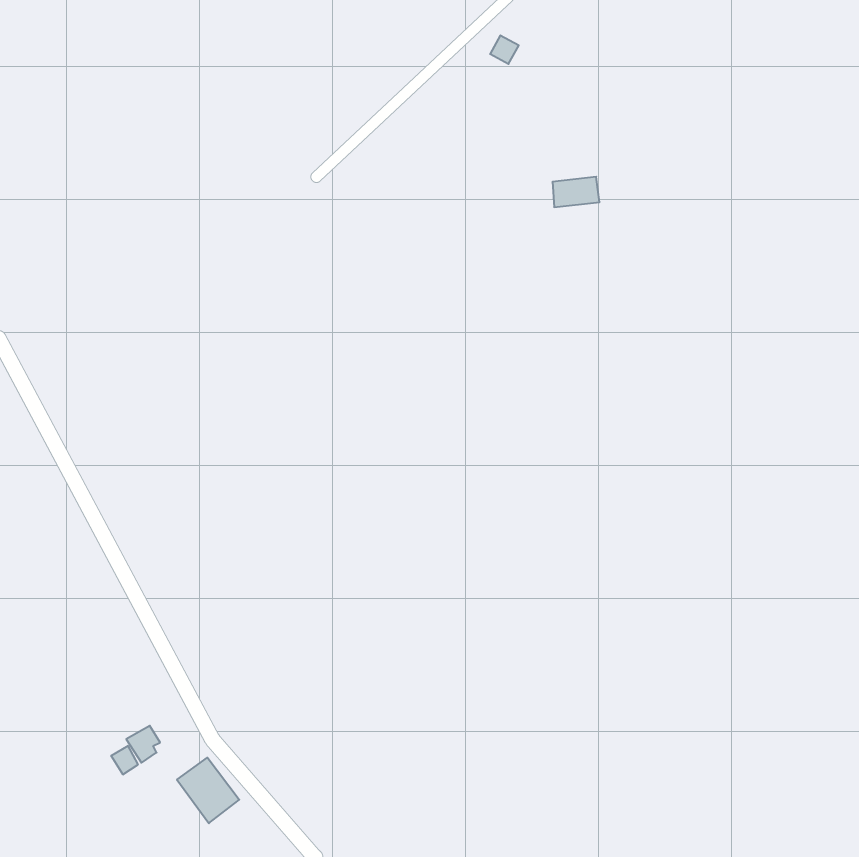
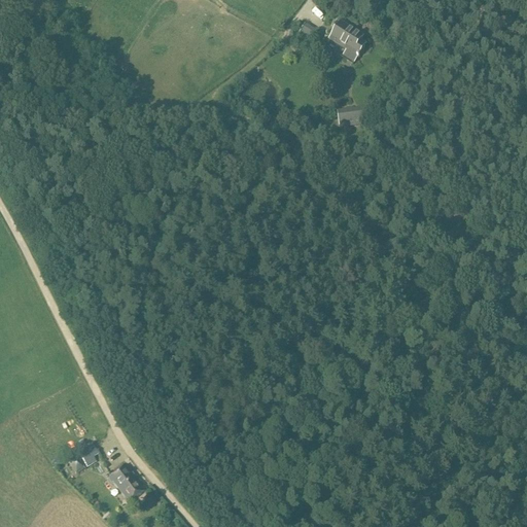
building: none -> [328,22,365,61]

